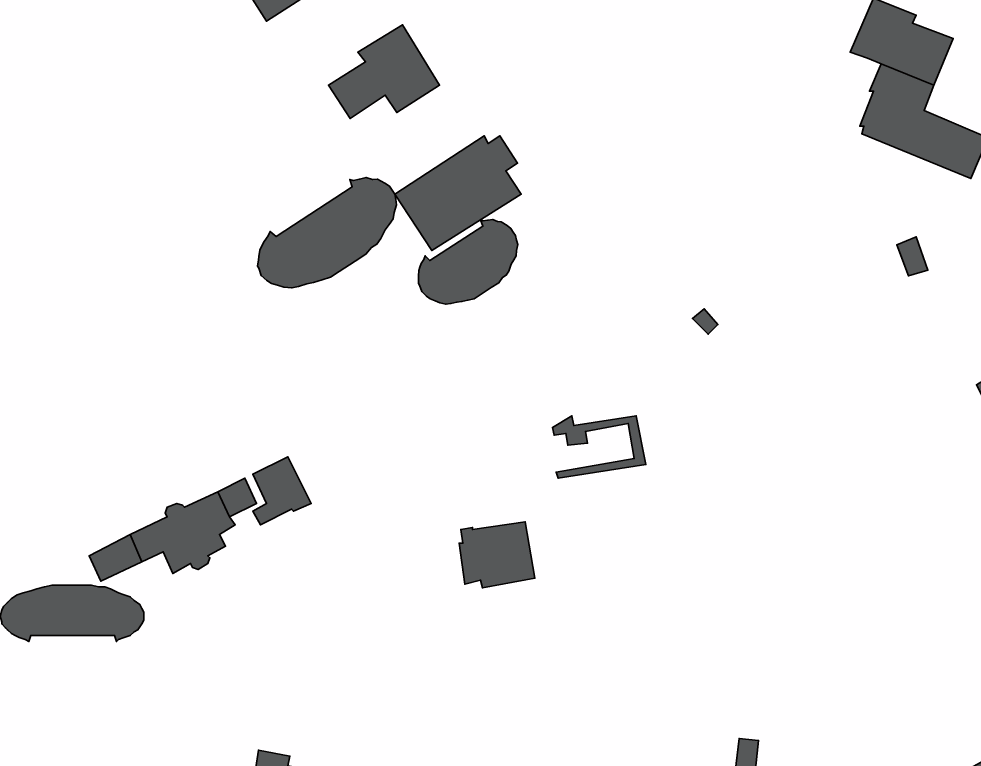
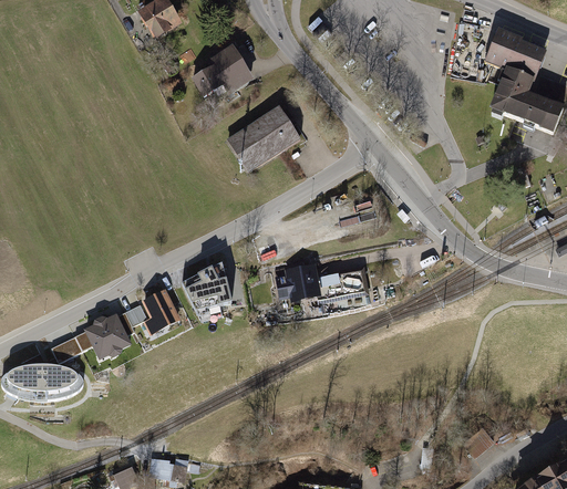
building: [258,178,397,288] -> none
building: [418,220,518,304] -> none
building: none -> [183,261,233,309]
building: [459,522,535,588] -> [275,264,318,302]

